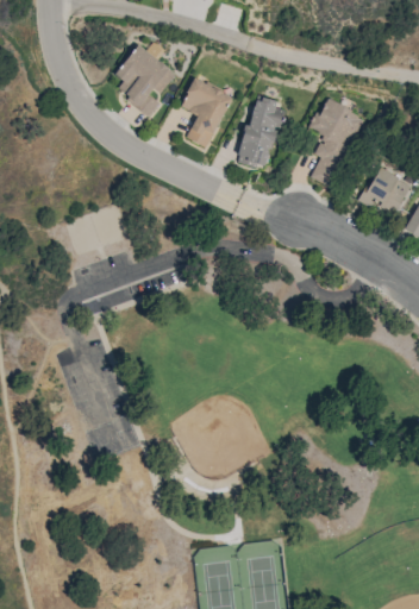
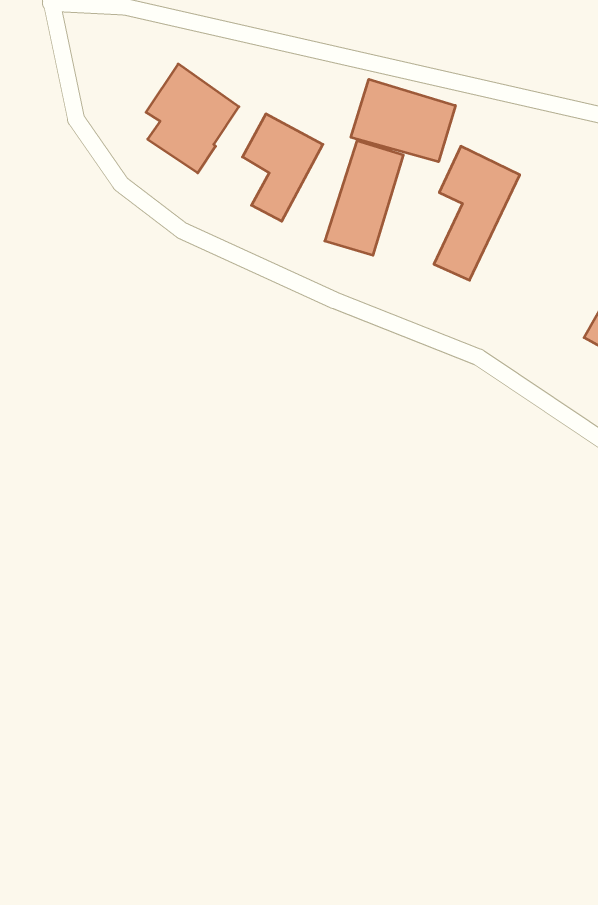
building: none -> [351,79,455,162]
building: [362,167,409,215] -> none

